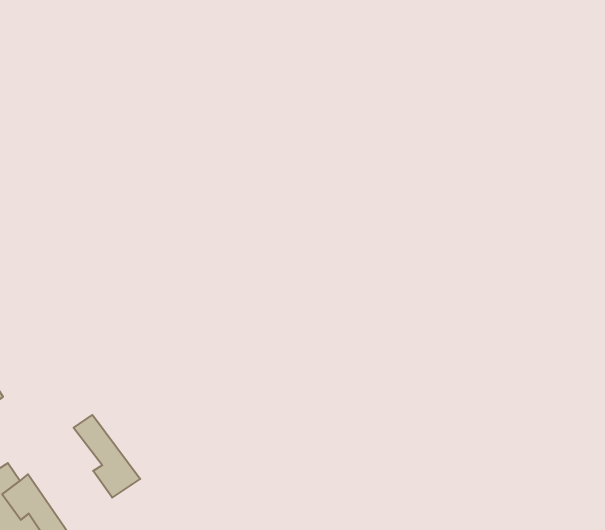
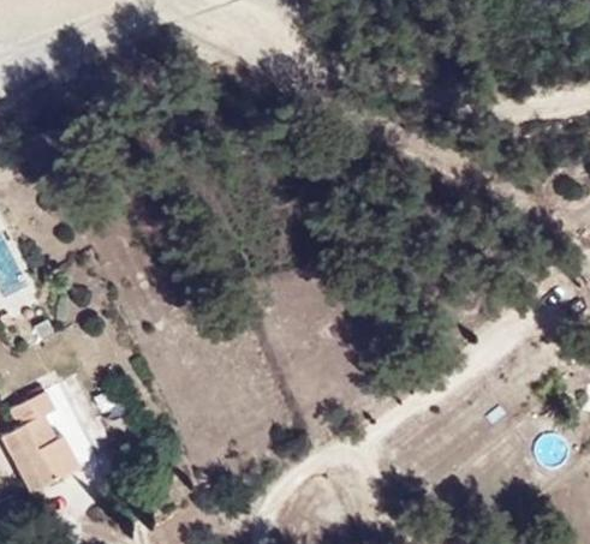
building: [74,415,140,498] -> none

